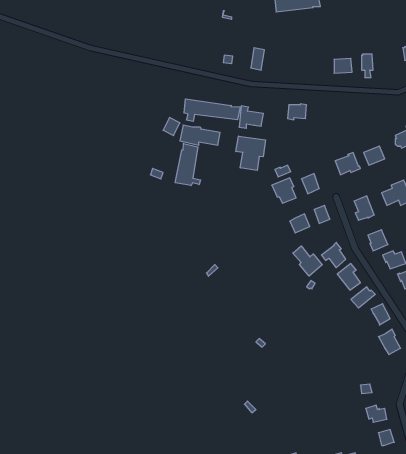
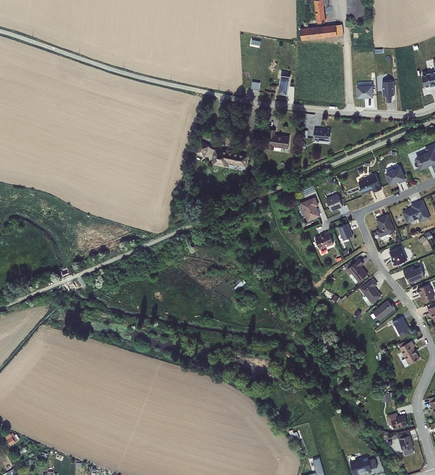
building: [184,99,240,121] -> none
building: [236,136,265,170] -> none
building: [175,143,201,186] -> none
building: [293,246,322,276] -> none

